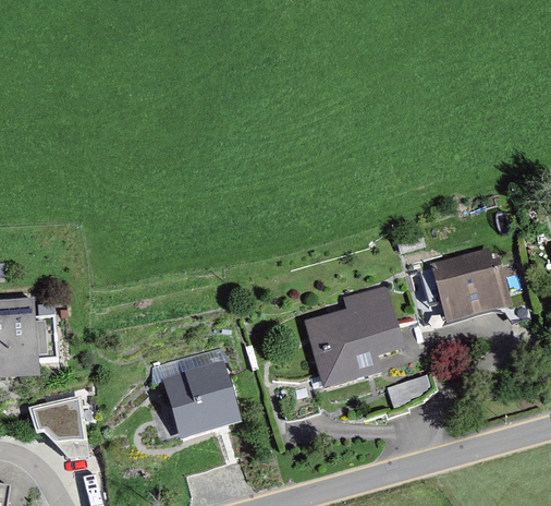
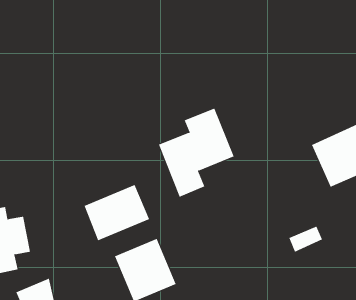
building: [307,284,403,393] -> [158,108,235,197]
building: none -> [84,184,150,241]

